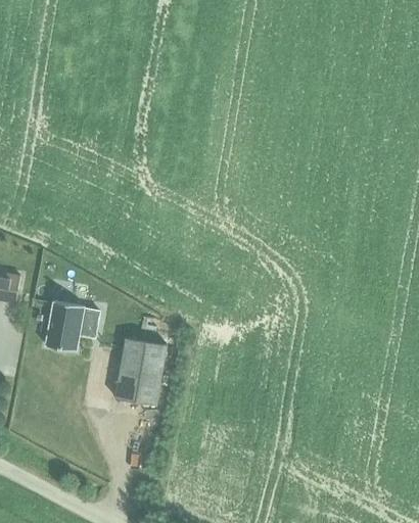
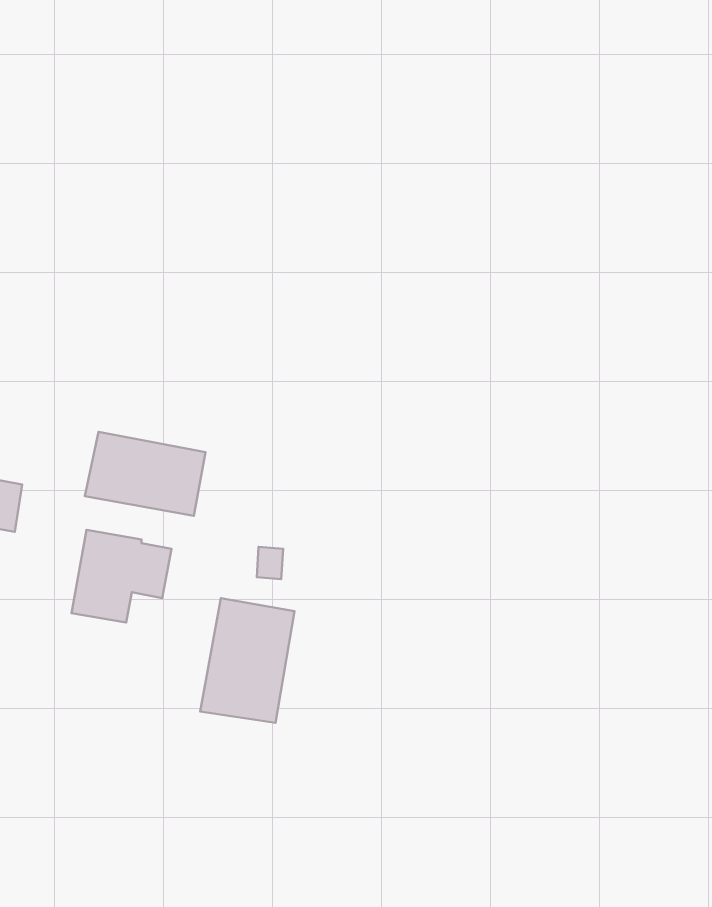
building: none -> [85,432,205,516]

